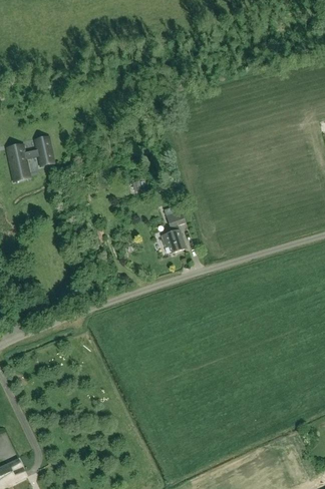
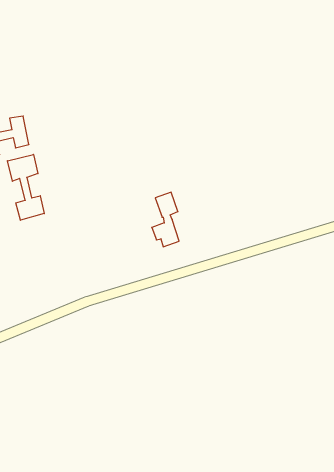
building: none -> [7,154,44,220]

